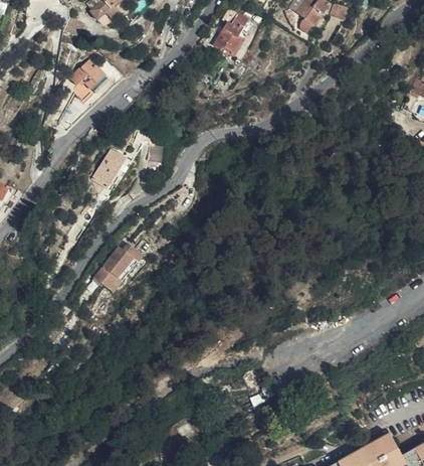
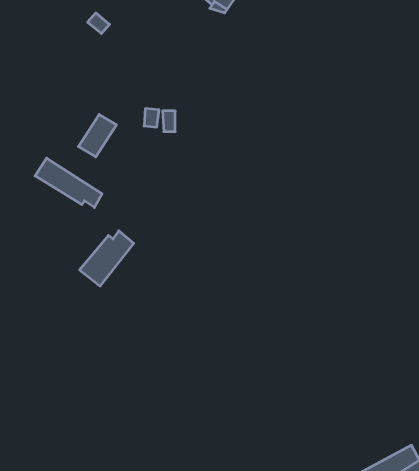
building: [70,60,112,107] -> none
building: none -> [35,158,102,208]

